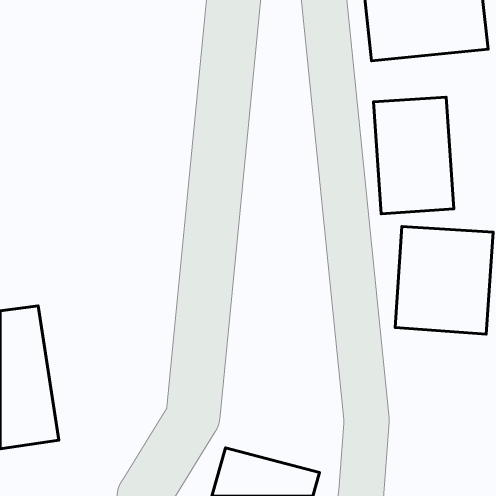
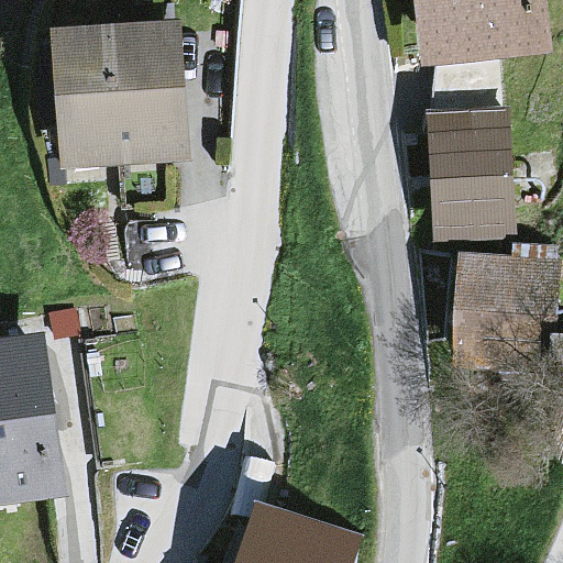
building: none -> [47,18,189,172]

